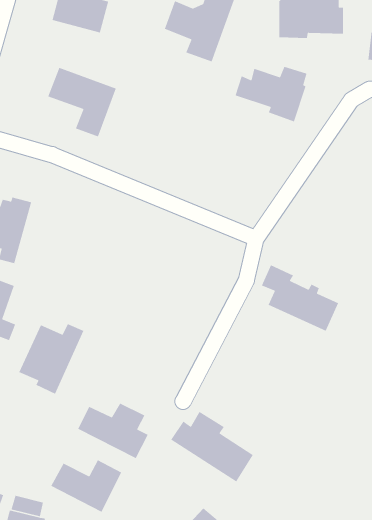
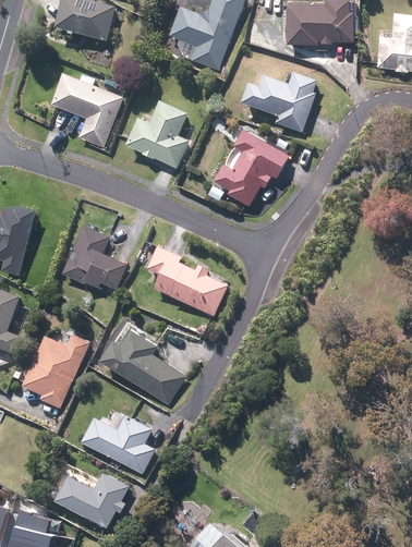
building: none -> [126,101,189,168]
building: none -> [211,131,289,205]
building: none -> [62,226,122,287]
building: [261,264,339,332] -> [147,246,227,315]
building: [170,411,254,483] -> [100,331,185,404]

